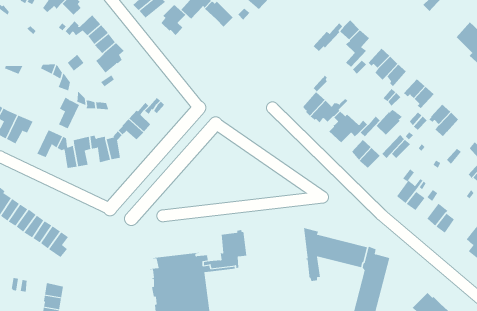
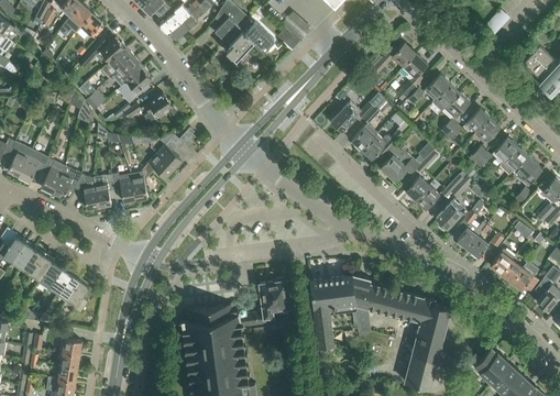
building: [161,4,186,36] -> [226,31,254,67]
building: none -> [145,94,176,123]
building: none -> [330,101,374,132]
building: [58,97,80,129] -> [42,157,66,194]
building: [376,109,402,136] -> [436,200,465,230]
building: none -> [514,155,541,186]
building: none -> [512,261,539,292]
building: none -> [310,276,356,348]

